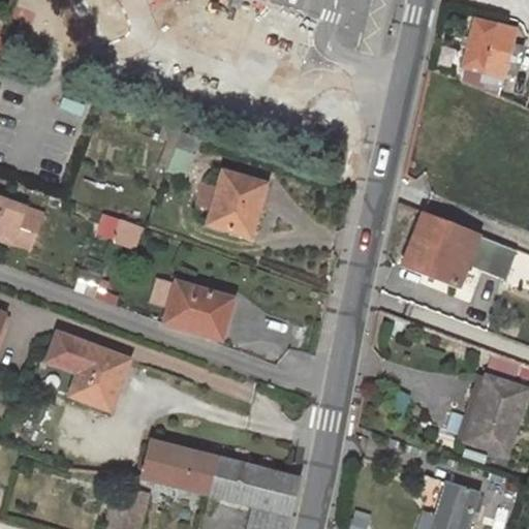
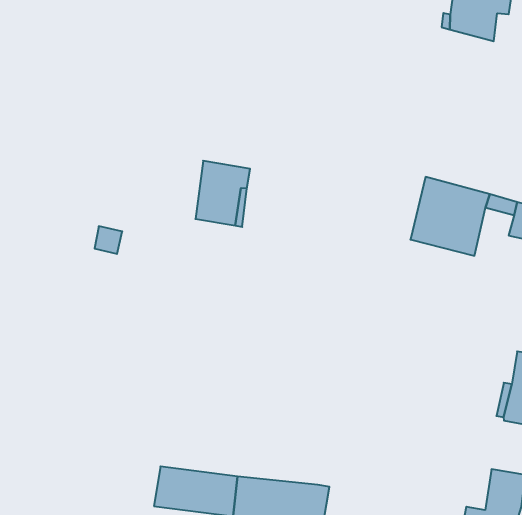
building: [164,282,231,336] -> none
building: [49,334,127,407] -> none

